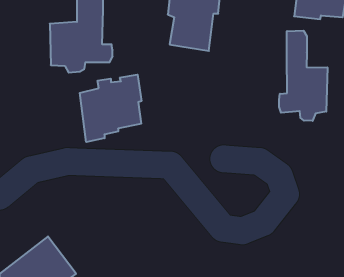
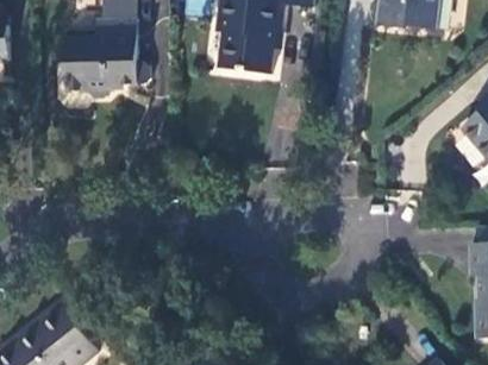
building: [279,31,327,121] -> none
building: [80,75,141,142] -> none

